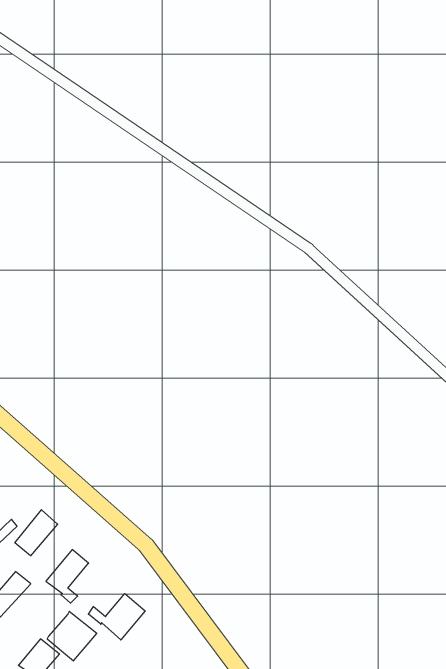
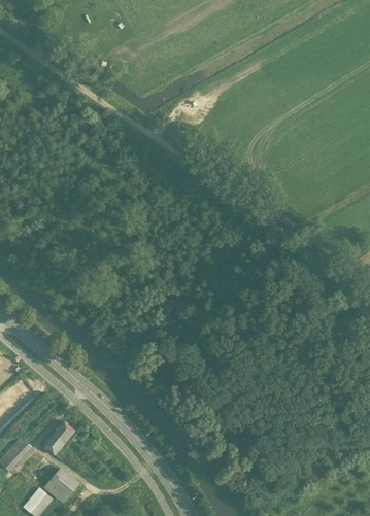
building: [15,510,58,556] -> none
building: [88,594,145,640] -> none

